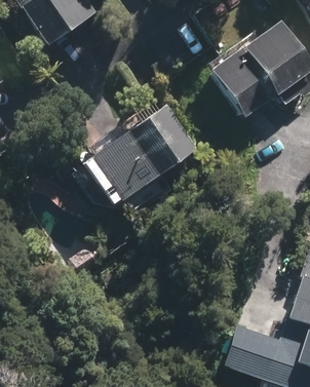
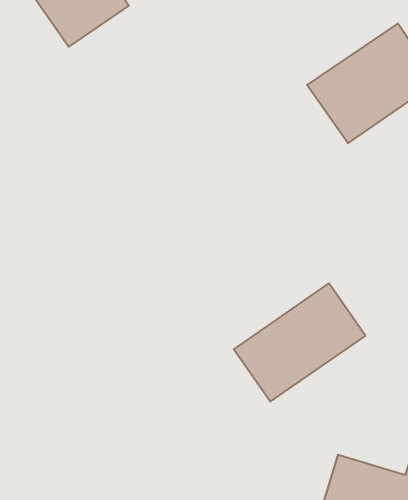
building: [98,112,190,195] -> [234,283,365,402]

